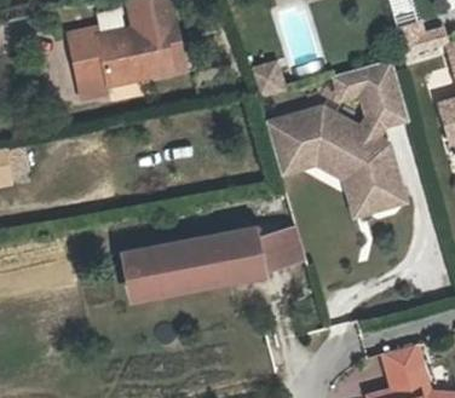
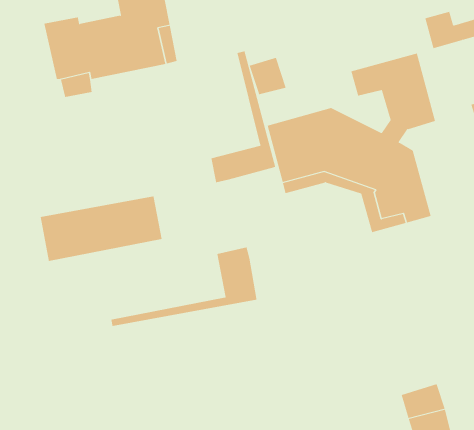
building: none -> [211,51,276,183]
building: [248,226,300,275] -> none
building: [120,236,226,293] -> [40,196,163,261]

